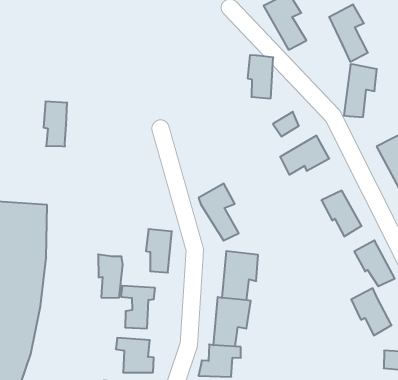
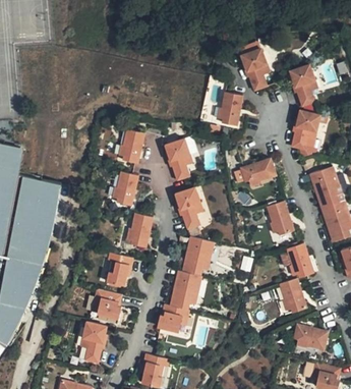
building: [44,102,67,146] -> [122,127,142,163]
building: none -> [163,136,188,179]
building: [98,254,123,298] -> [117,171,136,206]

